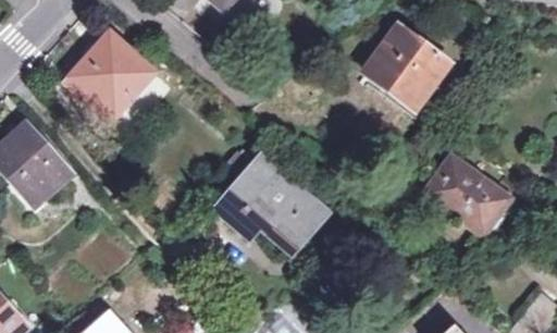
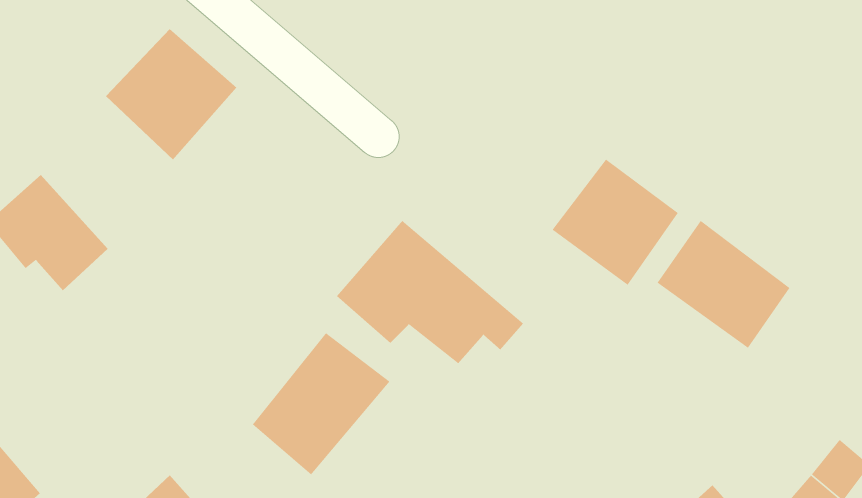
building: [362,26,444,108] -> [551,159,679,286]
building: none -> [252,332,391,475]

